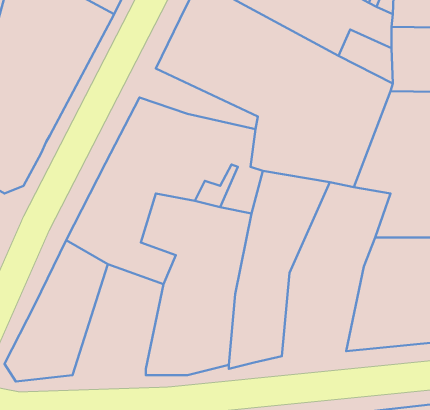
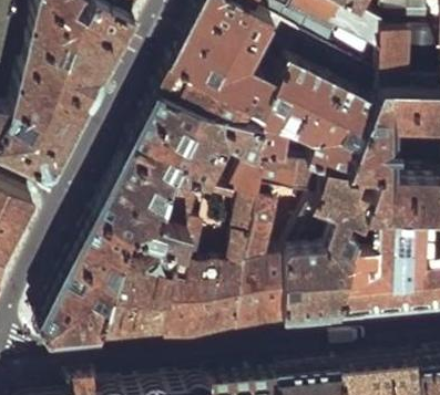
building: none -> [157,67,262,121]
building: none -> [283,167,378,320]
building: none -> [99,239,178,336]

